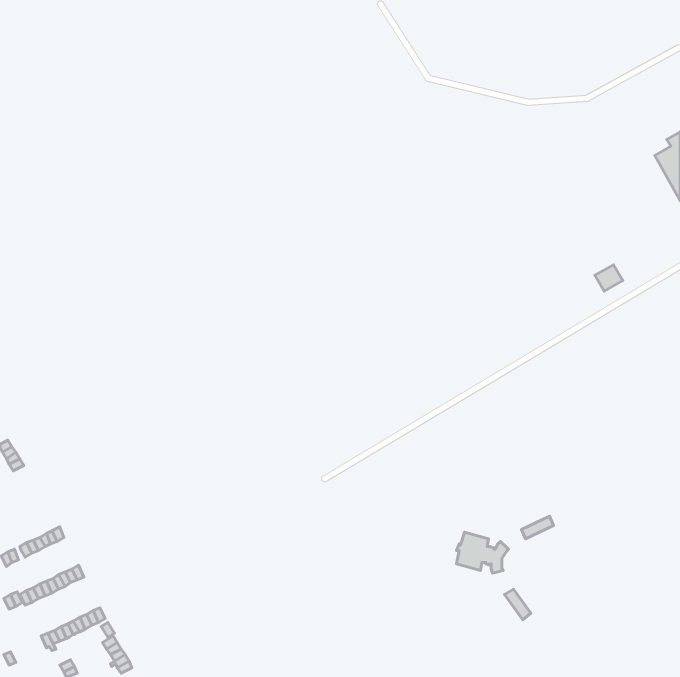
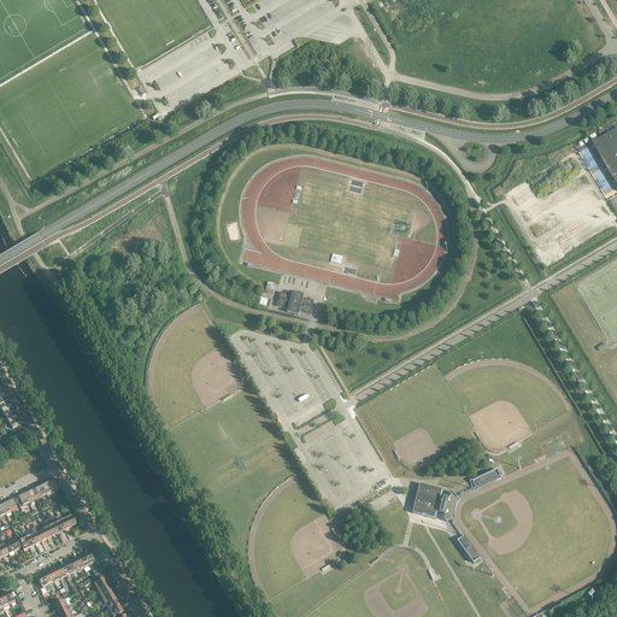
building: none -> [276,290,313,313]

